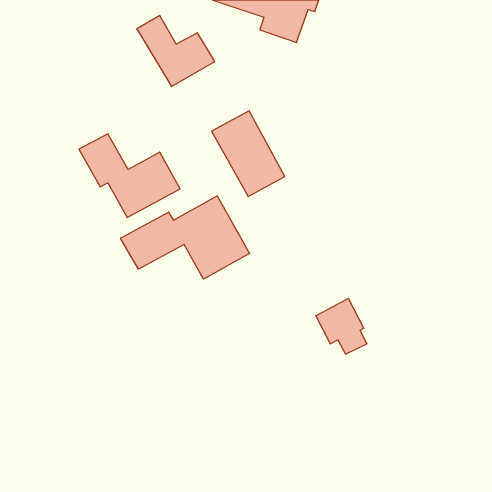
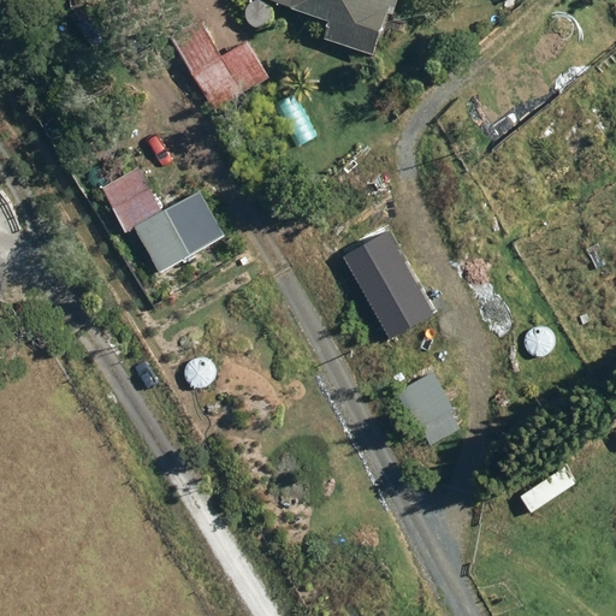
building: [211,111,285,197] -> [343,232,434,339]
building: [121,196,250,279] -> none

